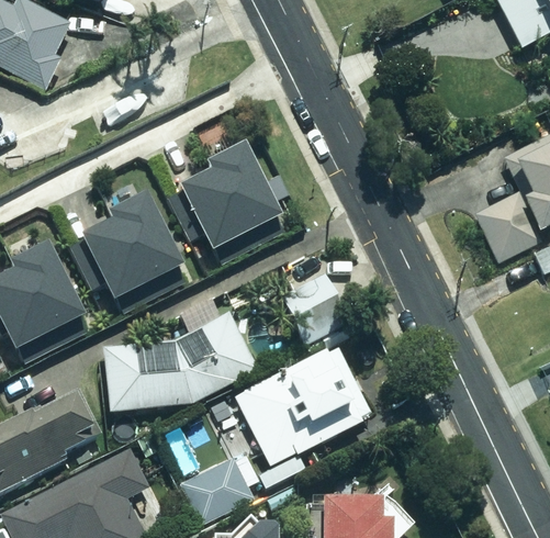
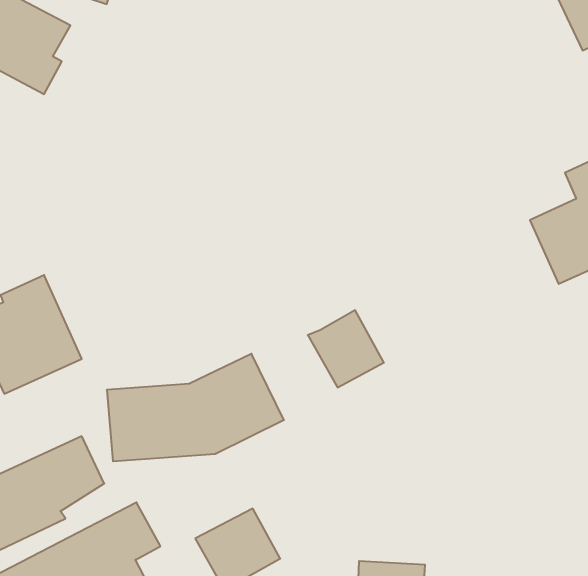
building: [171,144,282,255] -> none
building: [68,195,179,299] -> none
building: [235,347,371,461] -> none

